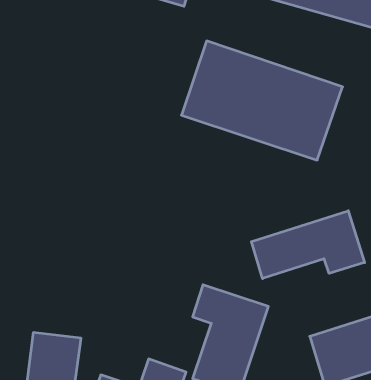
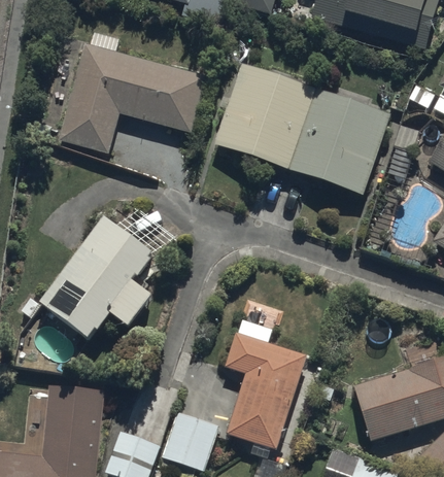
building: none -> [58,41,205,152]
building: none -> [40,216,153,340]
building: [251,211,365,279] -> none

